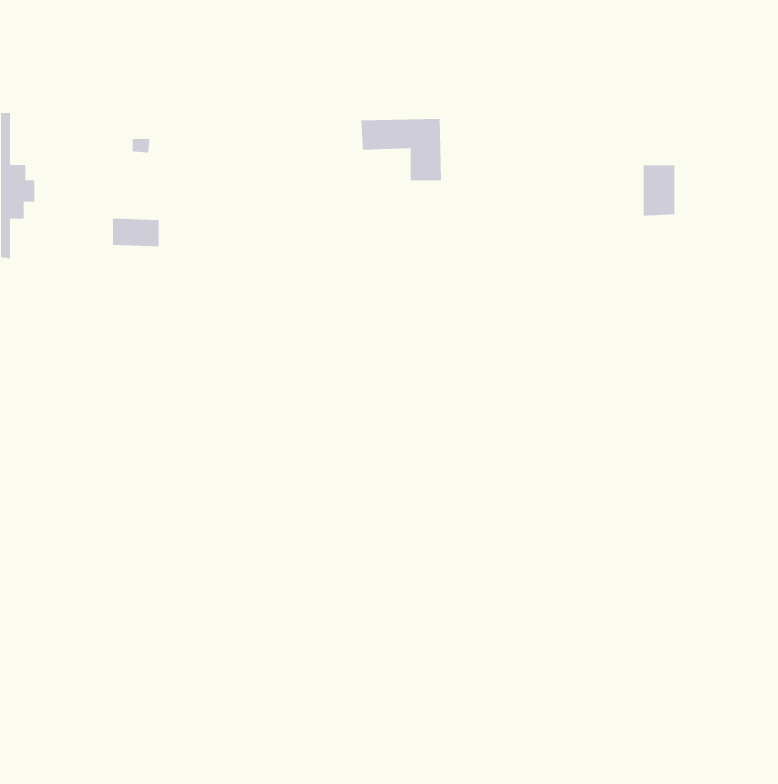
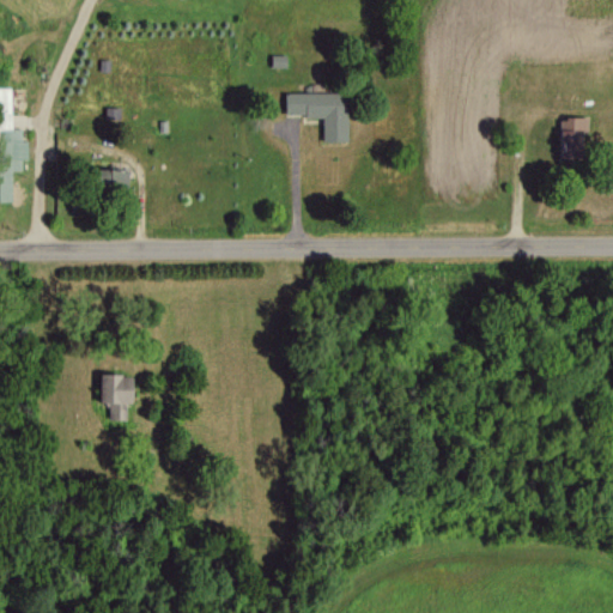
building: [643,164,675,217] -> [562,117,587,158]
building: none -> [99,375,132,420]

